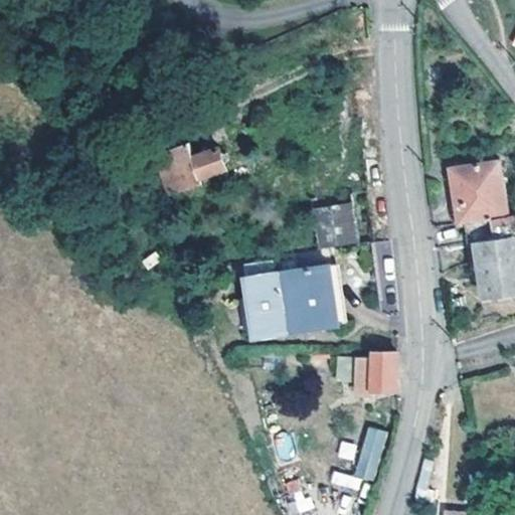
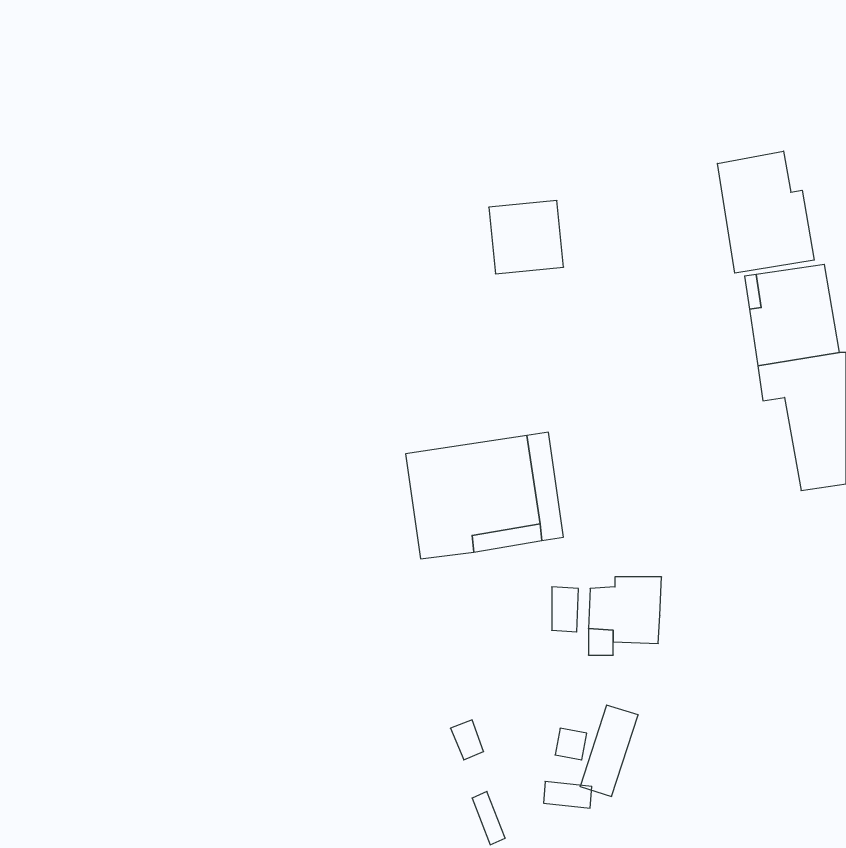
building: none -> [717,151,814,273]
building: [155,143,225,197] -> none
building: [310,204,355,248] -> [489,201,564,274]

